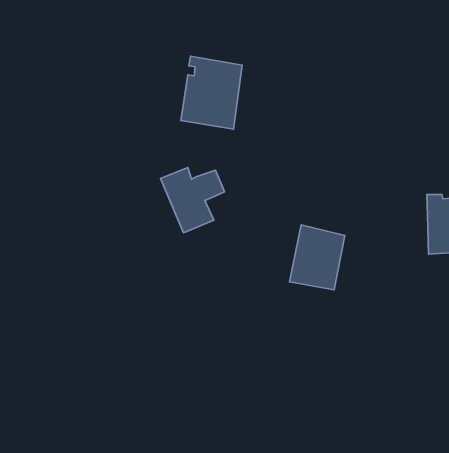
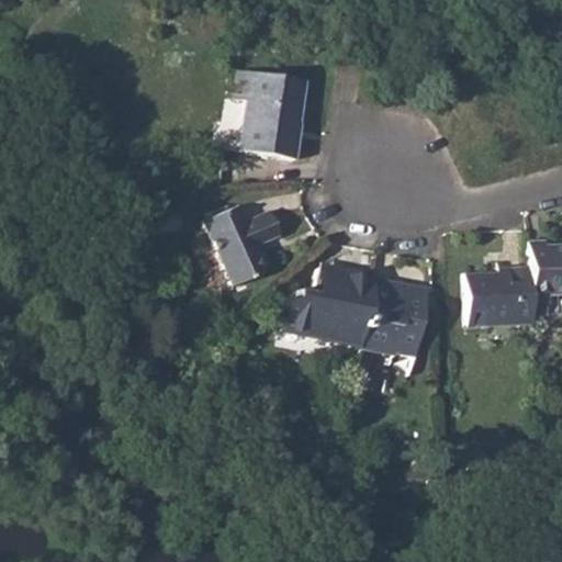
building: none -> [283,265,379,347]
building: none -> [469,265,537,328]

